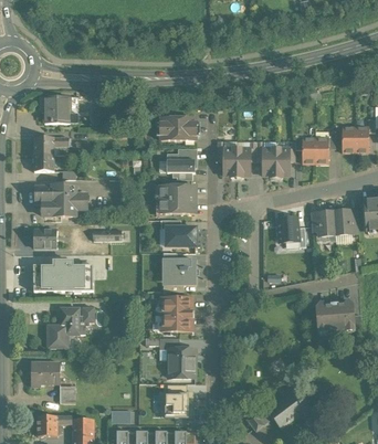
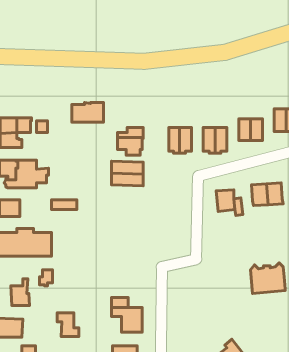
building: [41,96,69,123] -> none
building: [159,118,195,140] -> [72,102,103,122]
building: [166,226,195,245] -> none
building: [161,260,195,284] -> none
building: [160,297,192,331] -> none
building: [60,307,84,334] -> [57,313,79,337]

